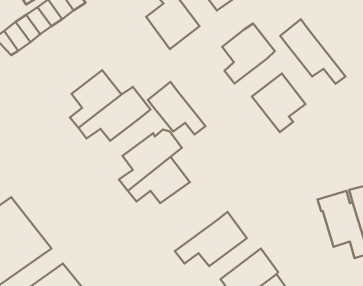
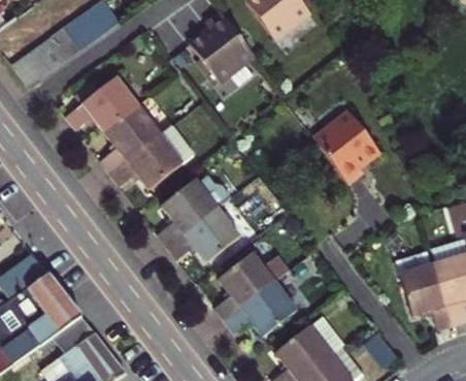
building: [280,19,346,84] -> none
building: [222,23,275,84] -> none
building: none -> [63,74,138,133]
building: [148,82,205,135] -> none
building: none -> [214,253,290,319]

